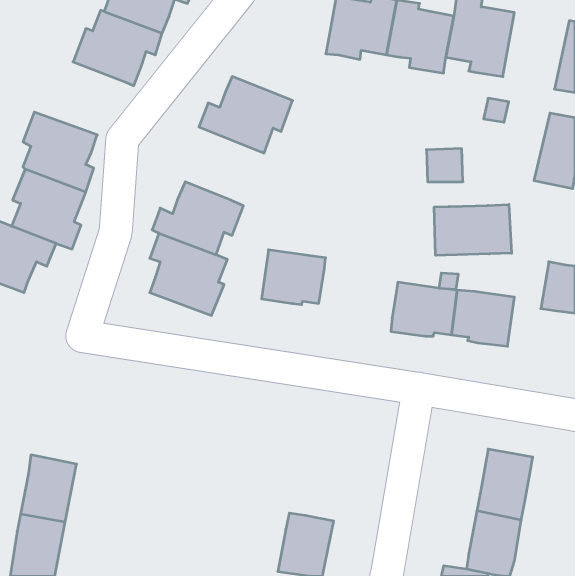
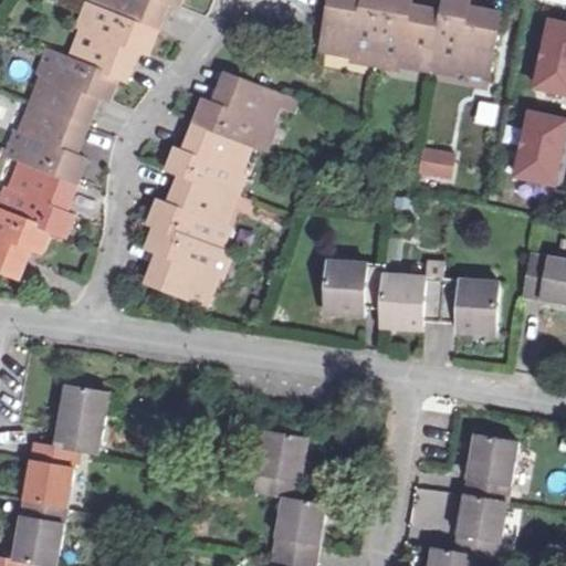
building: none -> [33,56,122,130]
building: none -> [167,123,253,193]
building: [434,204,512,255] -> none
building: [262,250,326,305] -> [324,255,386,308]
building: none -> [52,386,106,453]
building: none -> [251,431,305,499]

